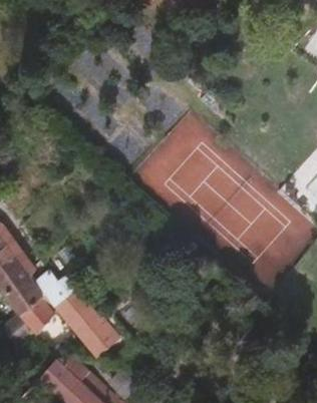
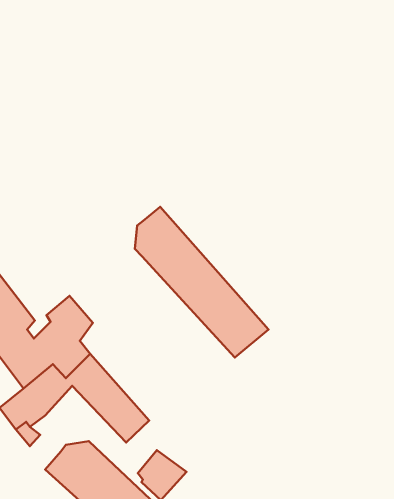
building: none -> [135,207,269,358]

